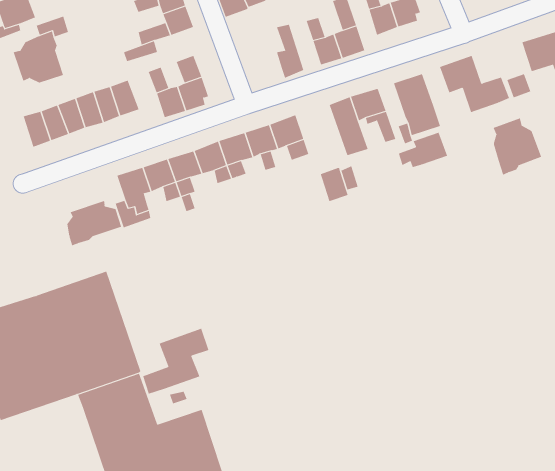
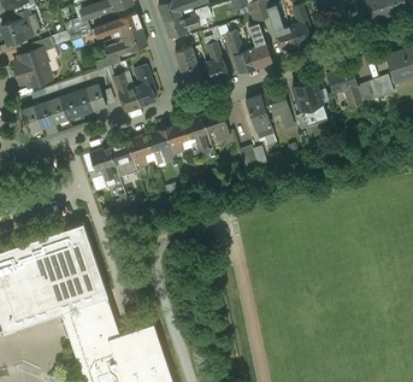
building: none -> [176,47,211,83]
building: [493,117,542,175] -> none
building: [398,132,448,168] -> none
building: [67,200,122,246] -> none
building: [142,328,209,394] -> none

